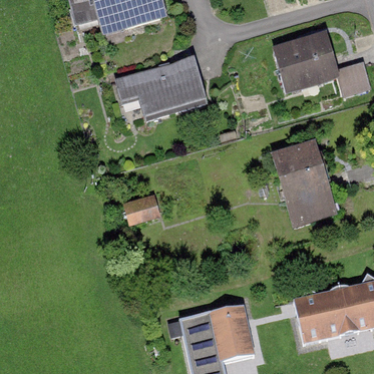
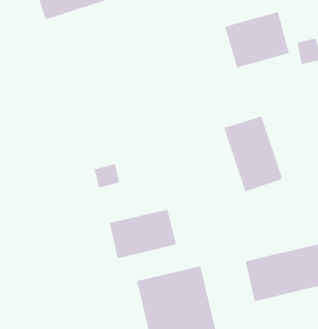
building: [114,58,203,115] -> none
building: none -> [109,209,177,259]

